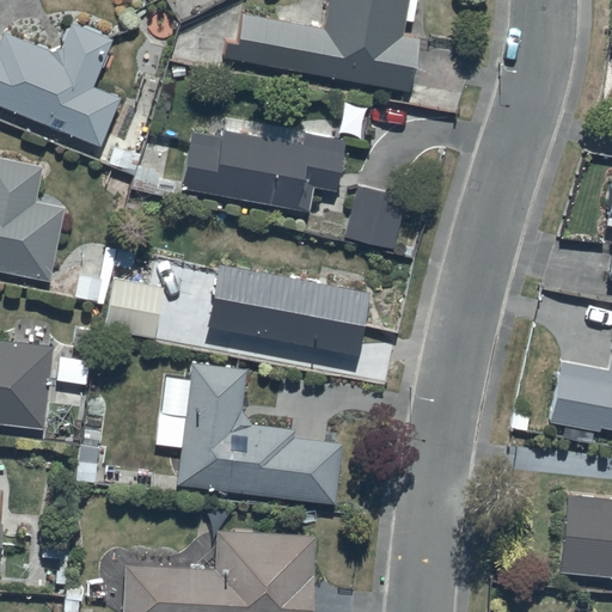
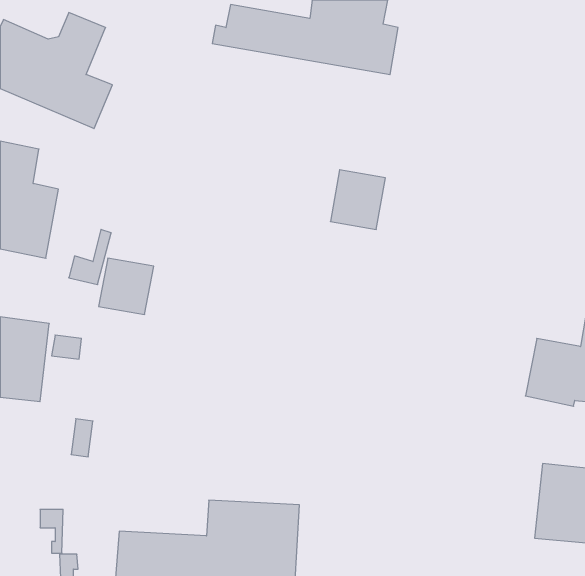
building: [180,118,345,213] -> none
building: [206,262,369,353] -> none
building: [155,363,339,501] -> none

